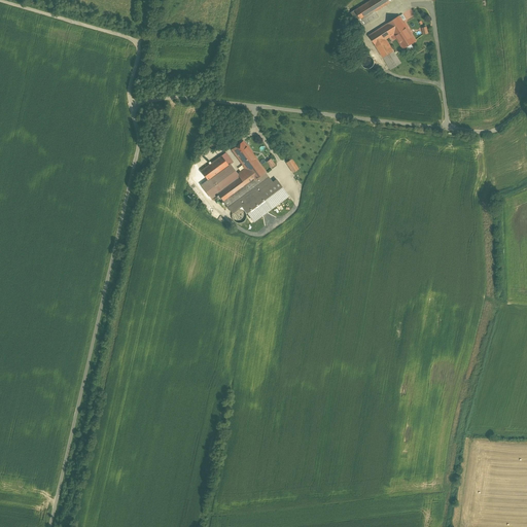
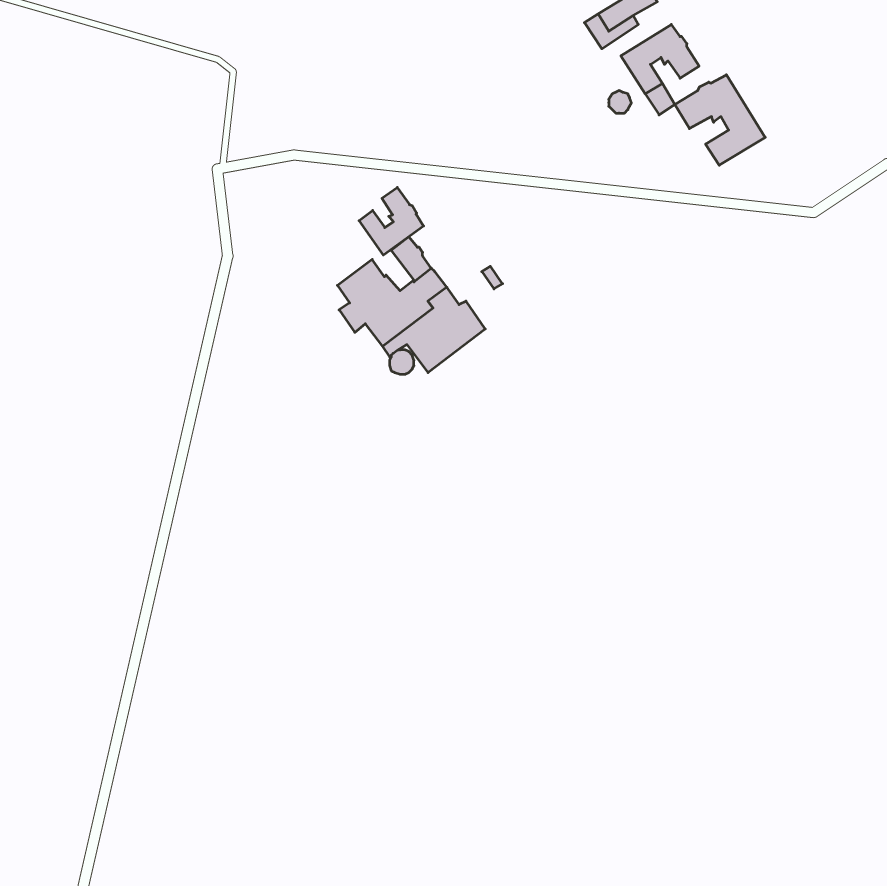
building: none -> [675,75,765,165]
building: none -> [359,187,424,255]

